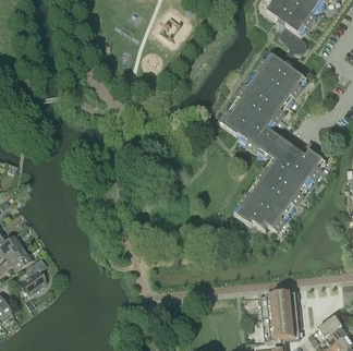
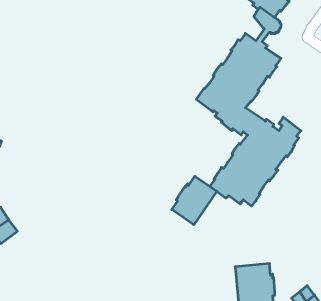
building: none -> [172,176,217,225]
building: [20,258,46,295] -> none

